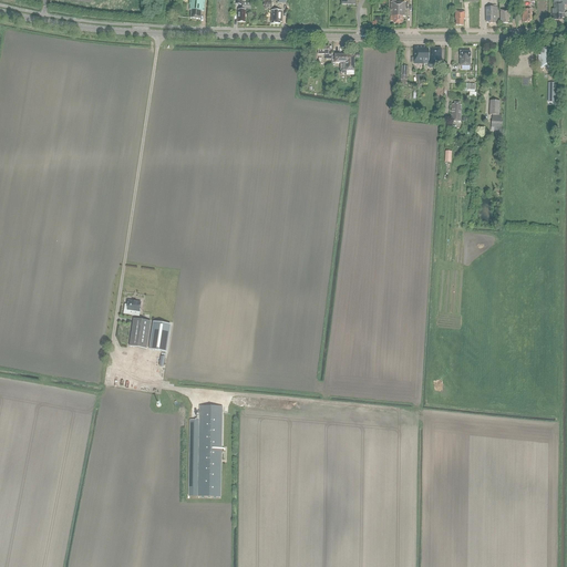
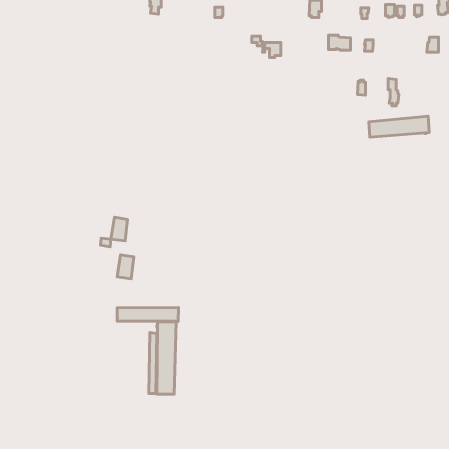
building: none -> [369,116,429,137]
building: [127,317,148,347] -> [111,217,128,241]
building: none -> [117,307,178,322]

